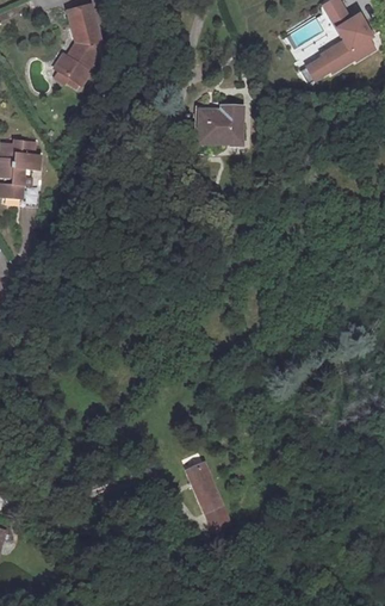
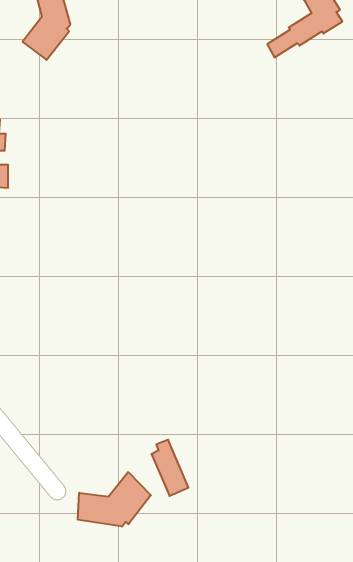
building: [207,106,252,143] -> none
building: none -> [78,472,151,527]

